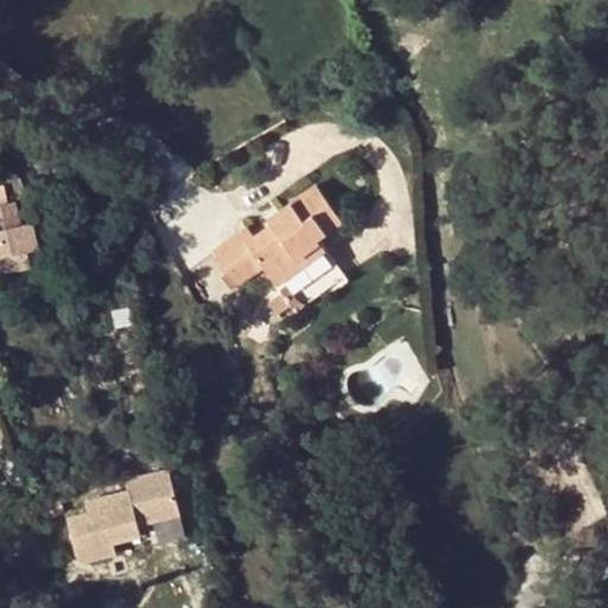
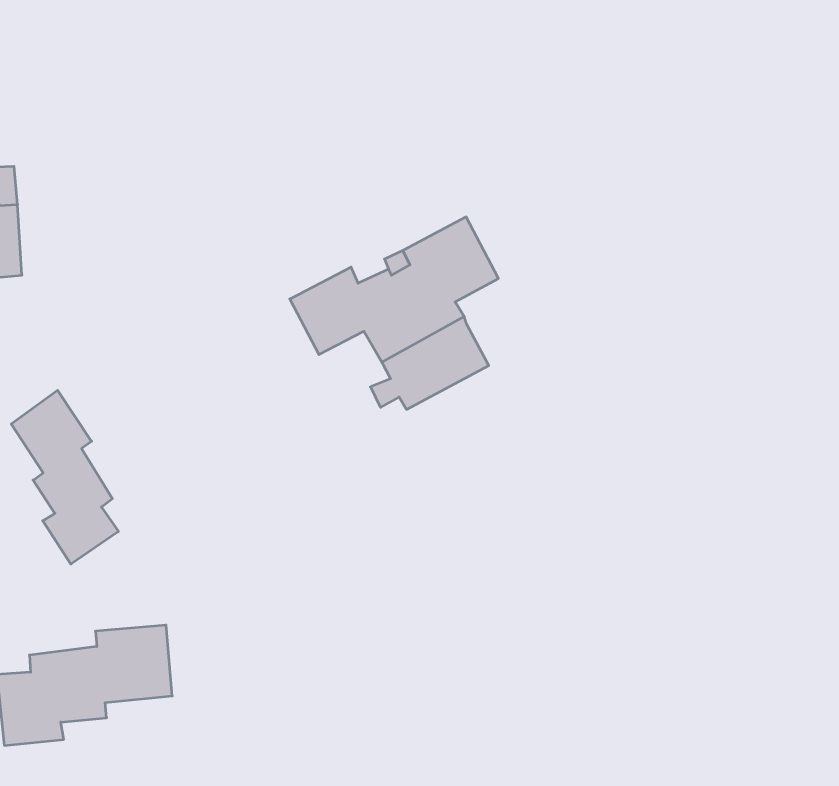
building: none -> [11,390,118,564]

